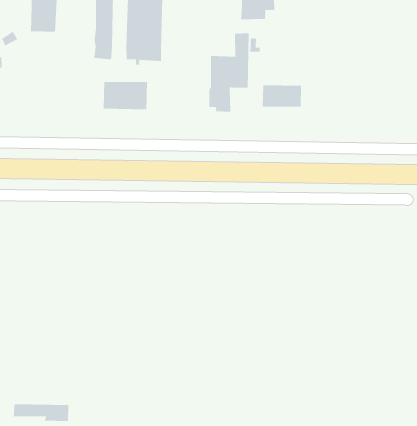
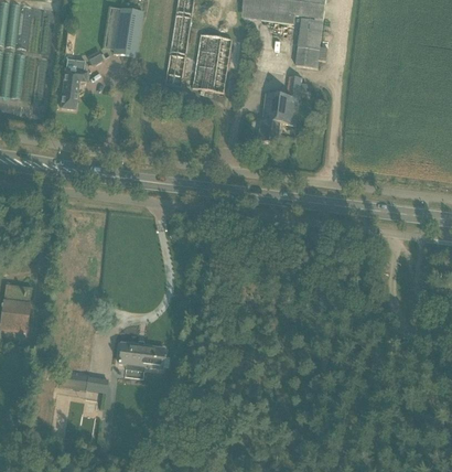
building: [103,81,148,110] -> none
building: [262,84,302,108] -> none
building: none -> [118,342,163,367]

